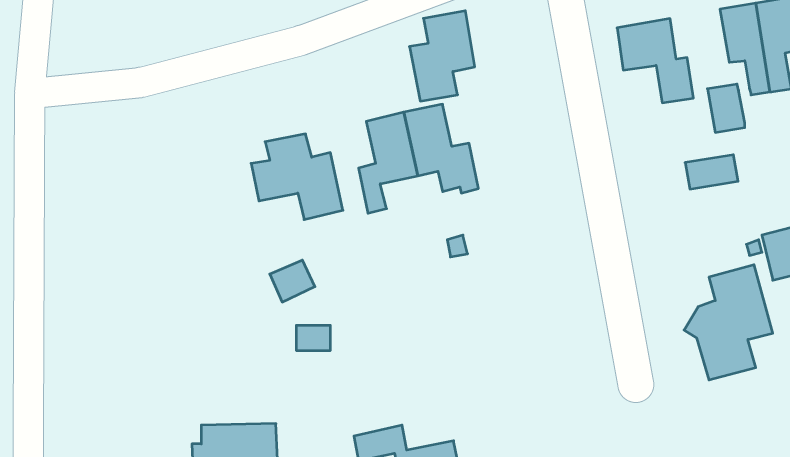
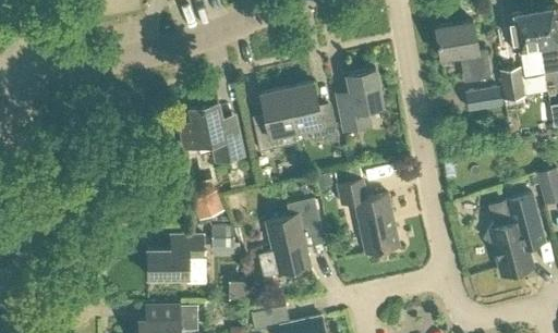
building: [409,11,475,101] -> [336,69,381,132]
building: [685,155,738,189] -> [465,87,502,111]
building: none -> [336,180,398,254]
building: none -> [258,198,322,276]
building: none -> [147,234,205,283]

